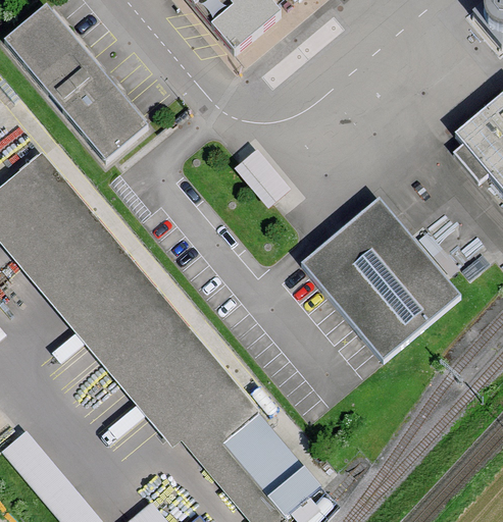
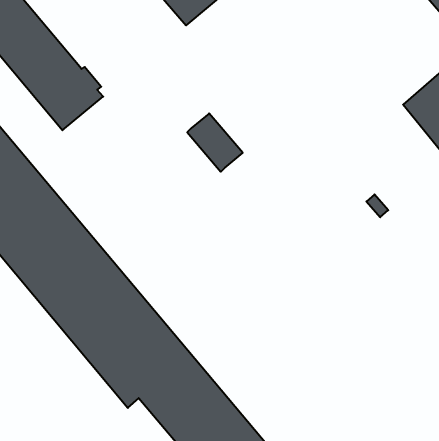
building: [302,198,461,359] -> none

